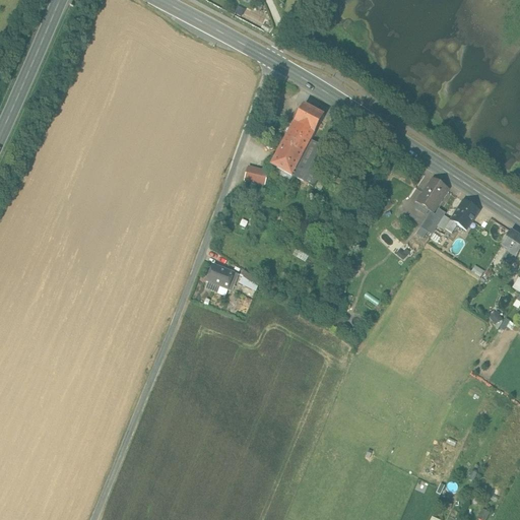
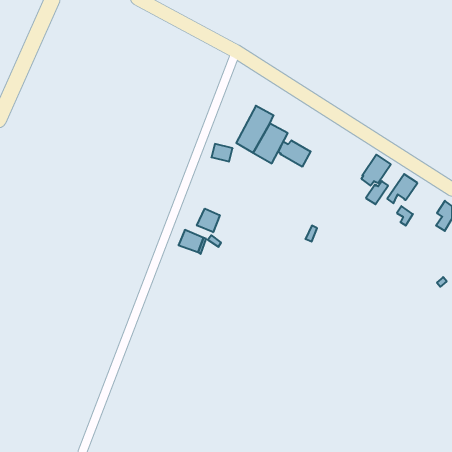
building: [292,105,322,132] -> none
building: none -> [278,140,311,167]
building: none -> [197,209,220,232]

